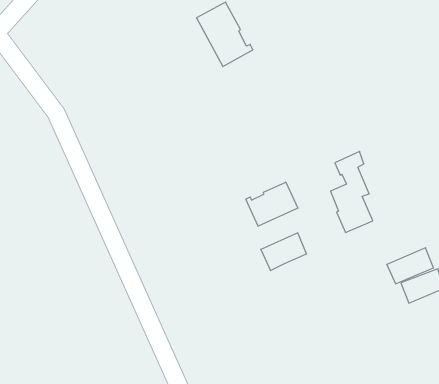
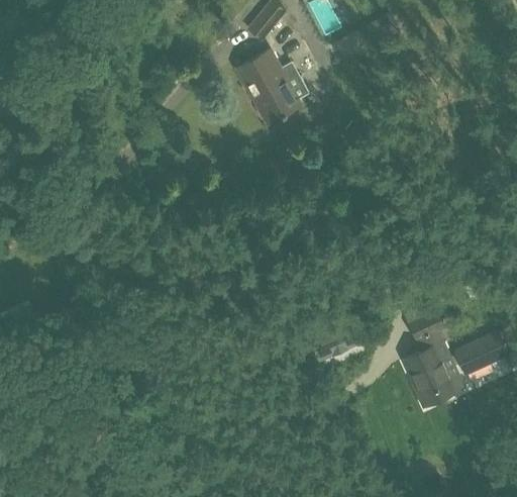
building: [330,151,373,232] -> [406,311,454,404]
building: [246,182,298,226] -> none

